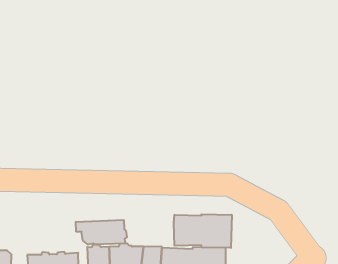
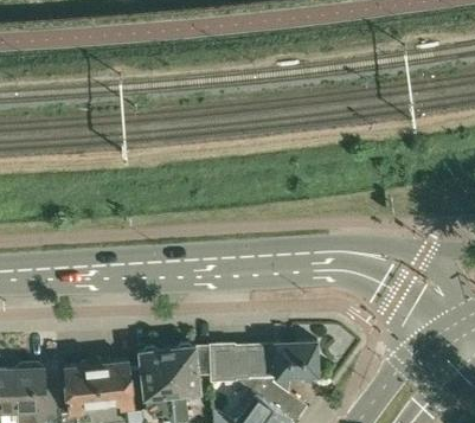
building: [174,214,232,248] -> none
building: [76,220,127,245] -> none

